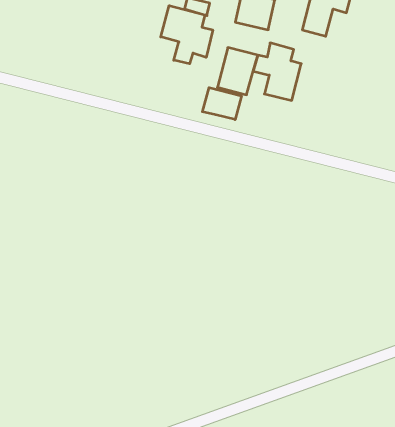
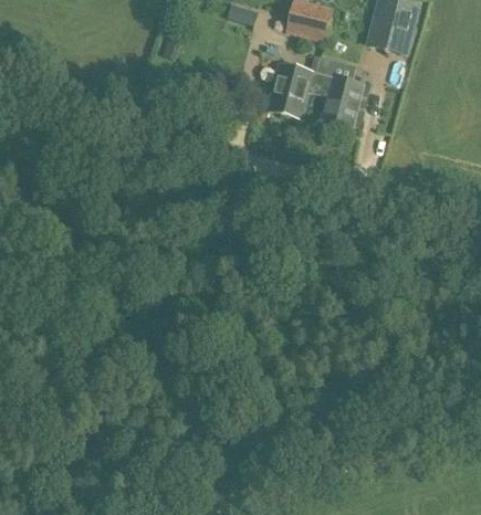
building: [161,6,213,64] -> none
building: [202,88,241,120] -> none

